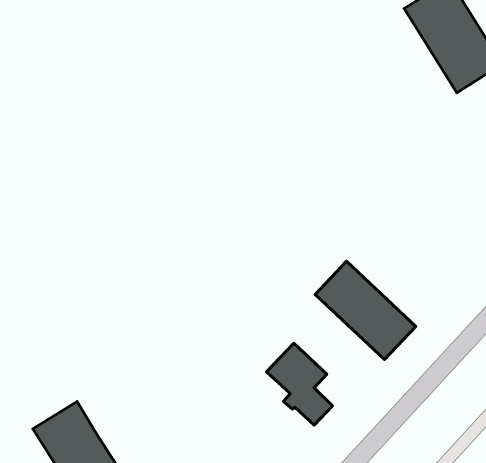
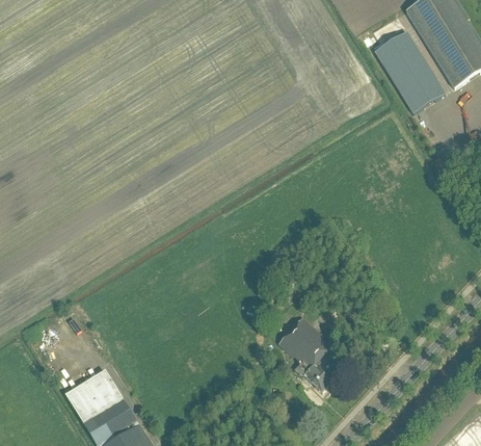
building: none -> [373,31,443,112]
building: [315,261,416,359] -> none

